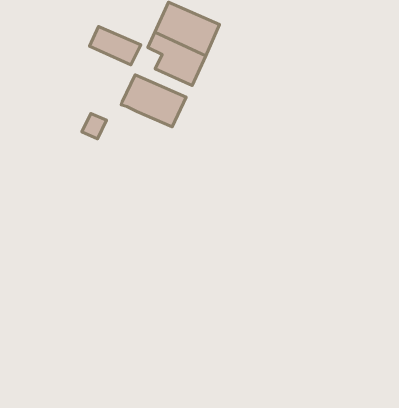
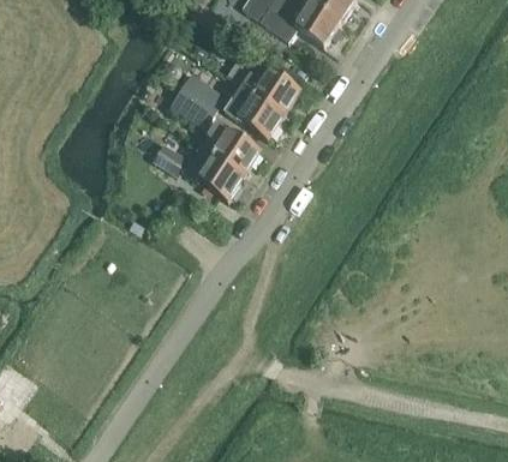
building: none -> [169,86,215,126]
building: none -> [181,139,244,197]

